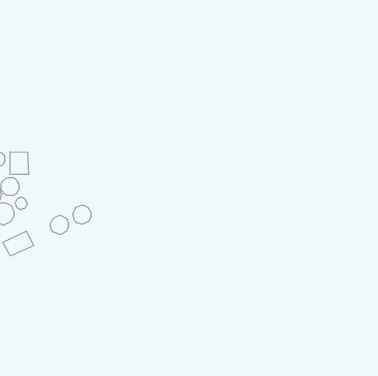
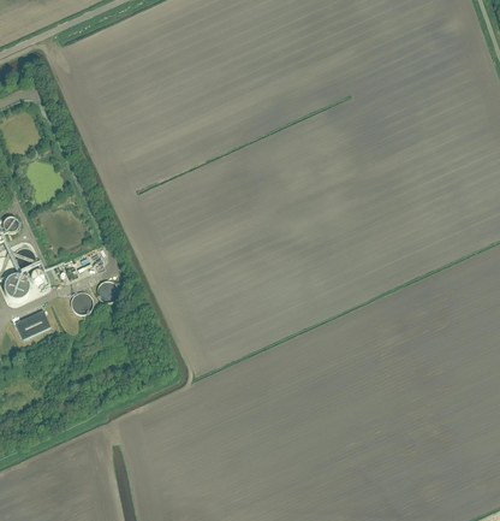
building: [10,152,29,175] -> none

